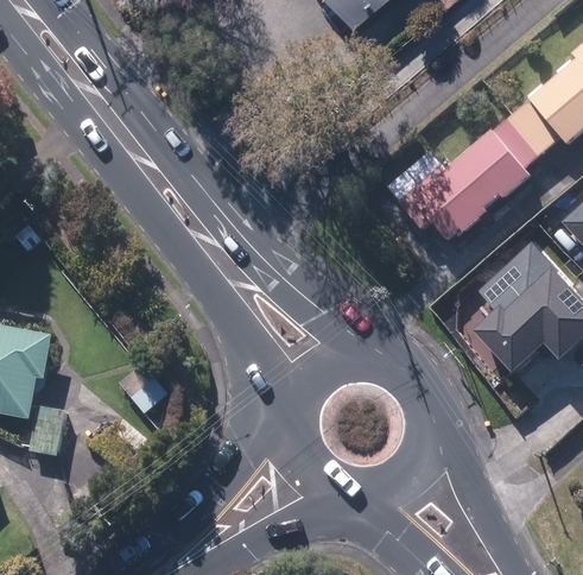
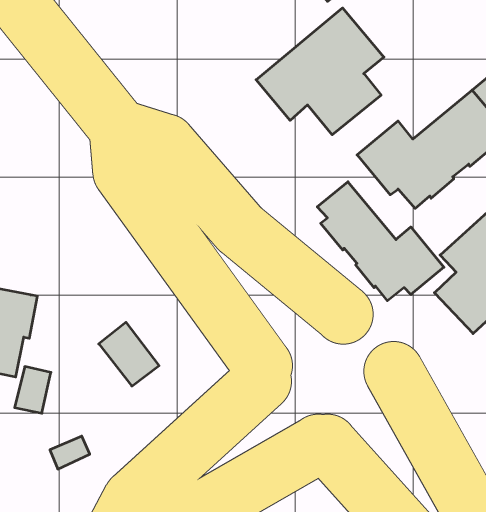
building: none -> [256,8,384,135]
building: none -> [317,182,444,301]

